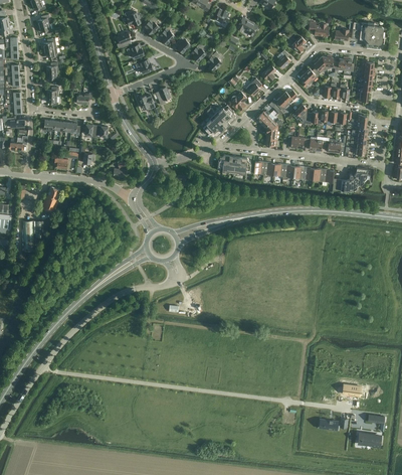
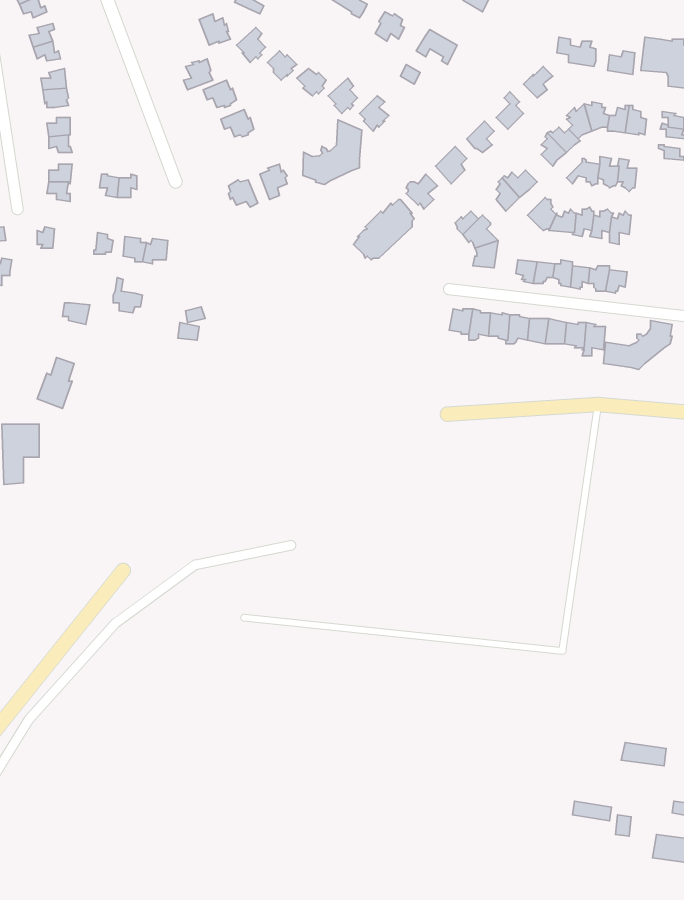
building: none -> [303,120,362,185]
building: [216,155,250,175] -> none

